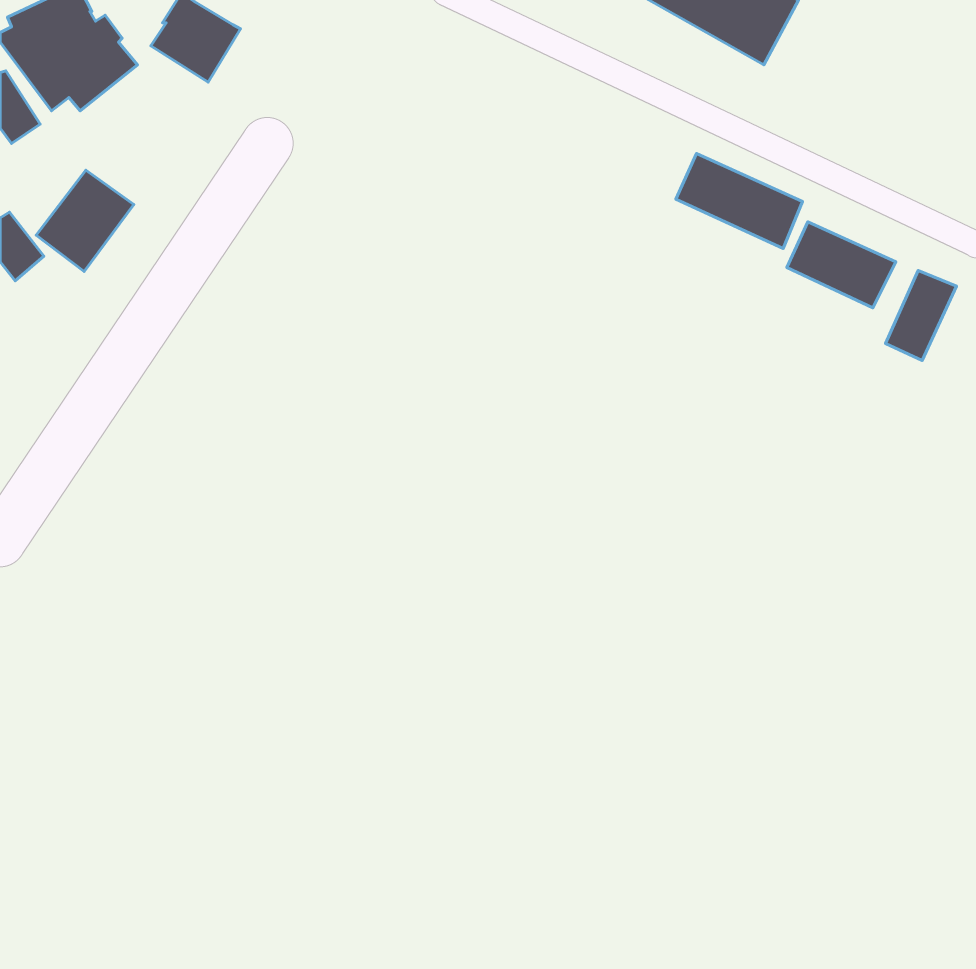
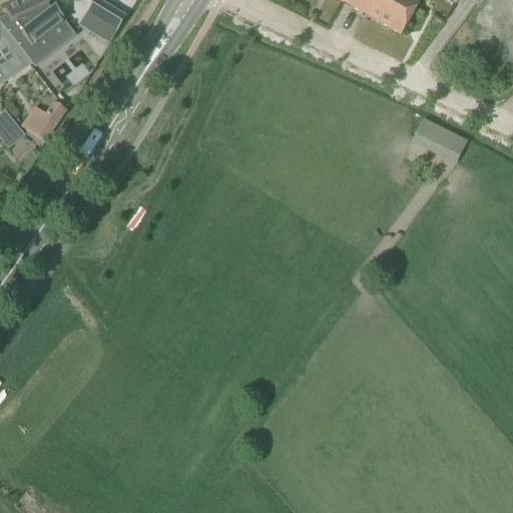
building: [676,154,803,249] -> none
building: [885,270,956,361] -> none

